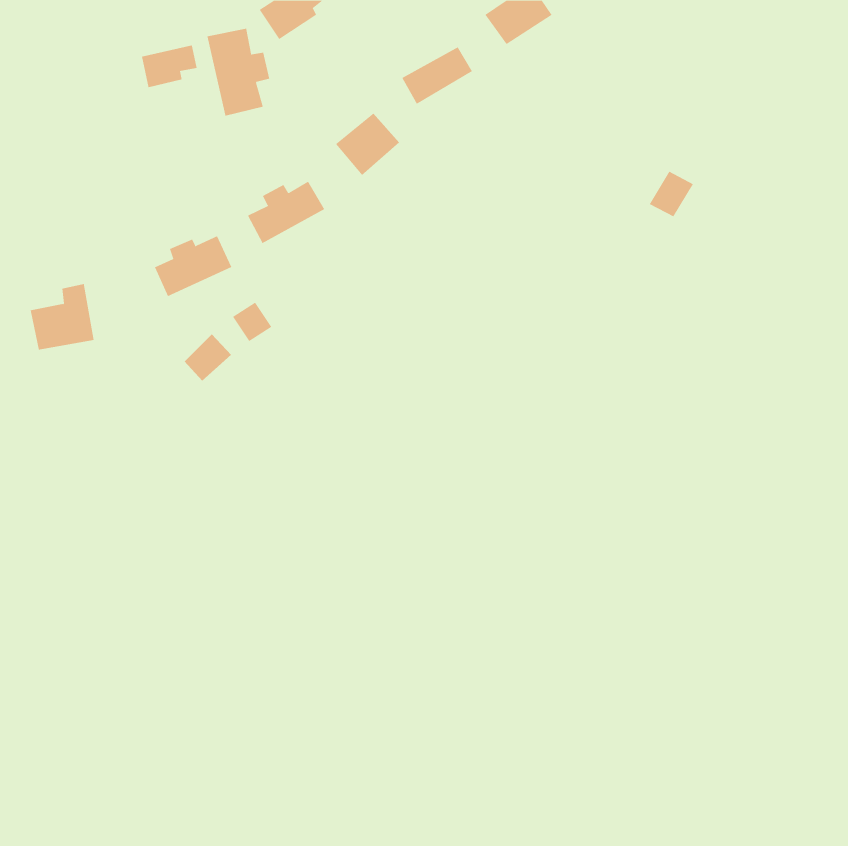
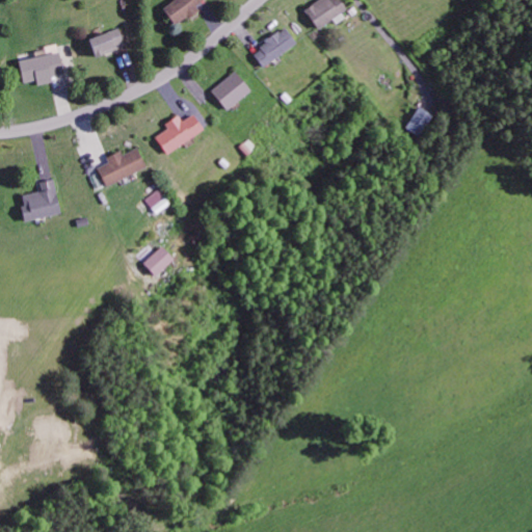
building: [207,28,270,117] -> none
building: none -> [19,48,63,85]
building: [184,333,232,382] -> [142,246,172,276]

